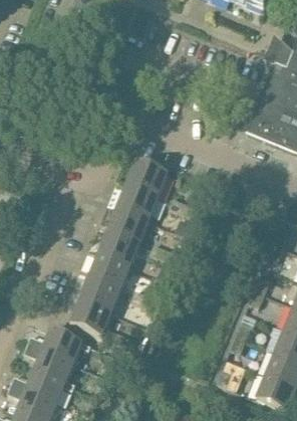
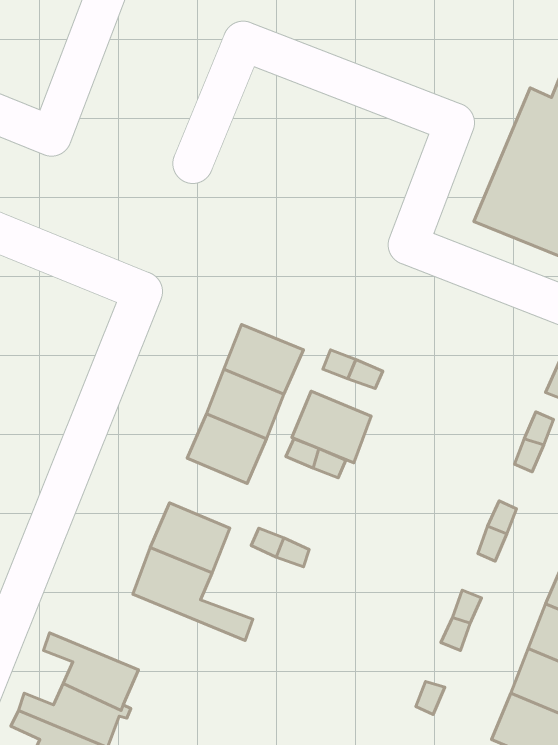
building: [126,158,168,195] -> [292,391,371,463]
building: [89,251,129,287] -> none
building: [27,327,90,361] -> none

